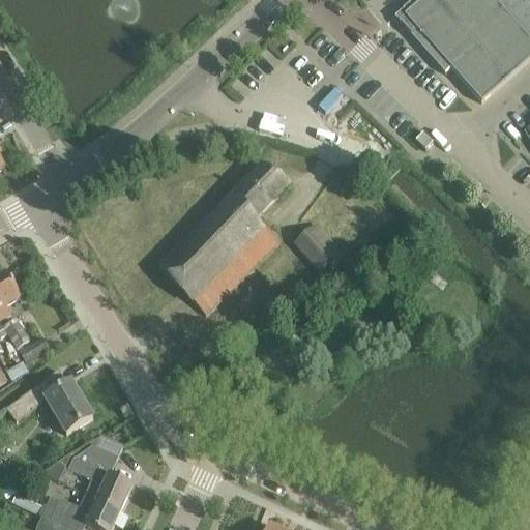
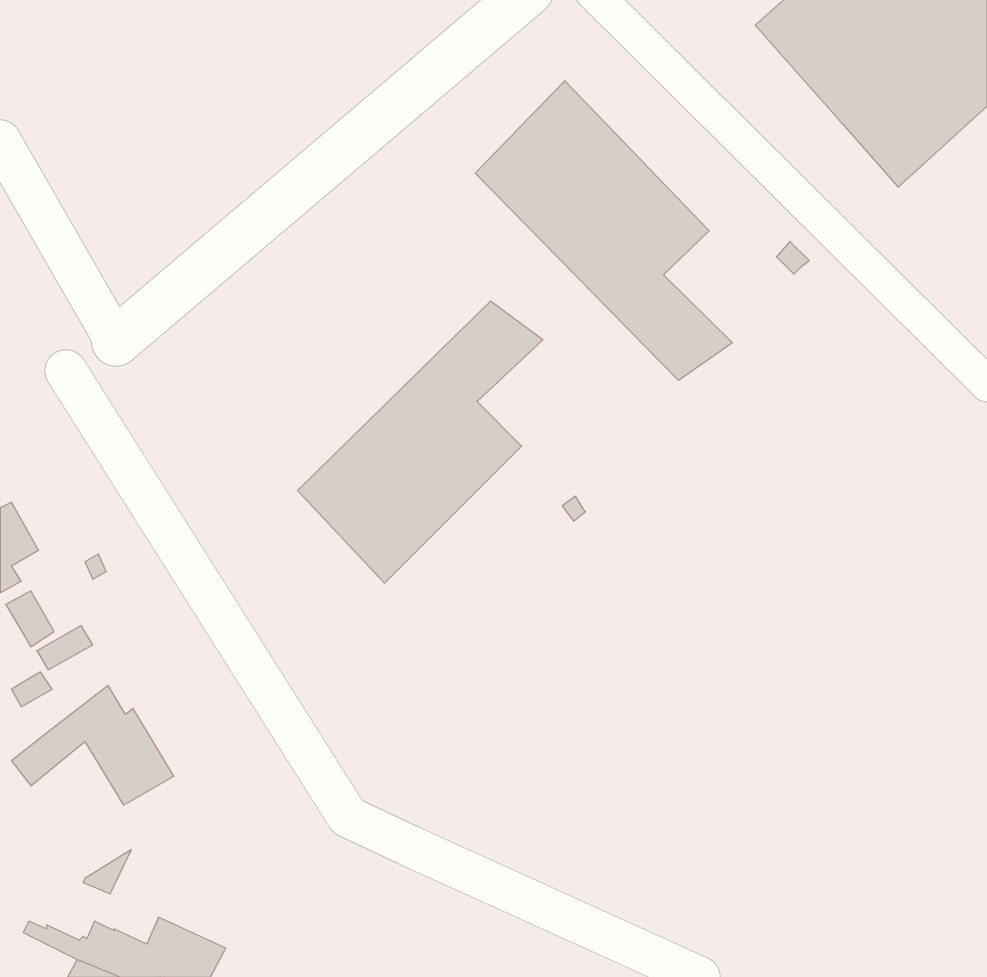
building: none -> [475,81,732,380]
building: [295,223,344,274] -> none
building: [69,444,132,508] -> none

